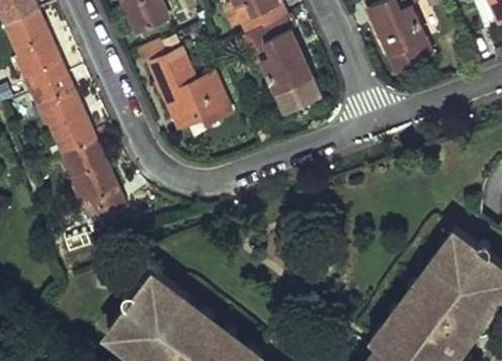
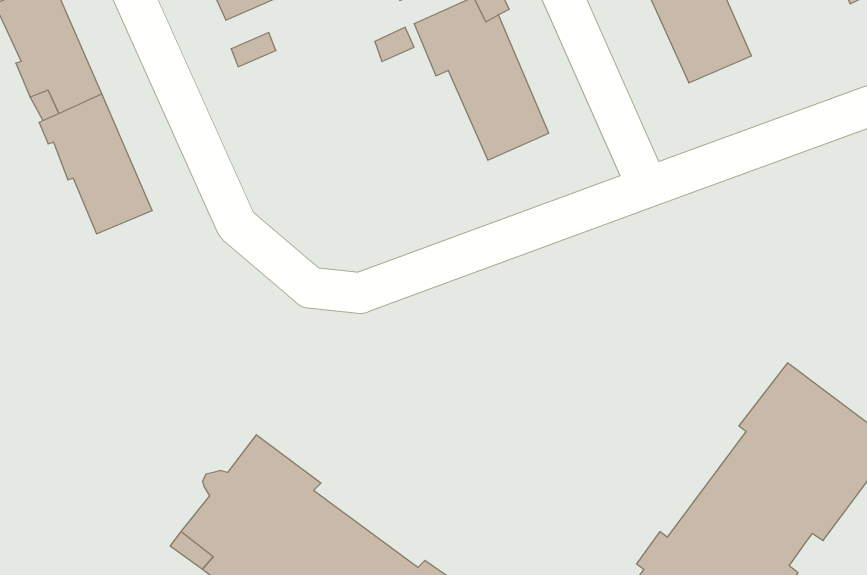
building: [153,57,233,134] -> none
building: [65,147,126,225] -> none

